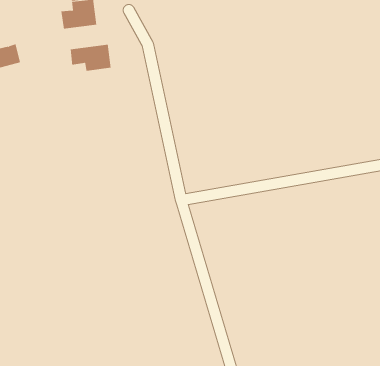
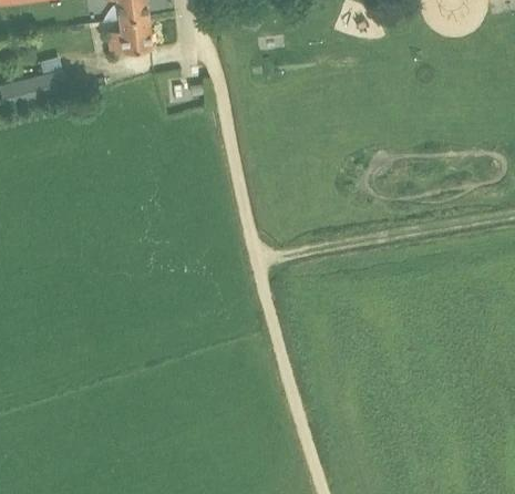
building: [70,44,111,72] -> none

